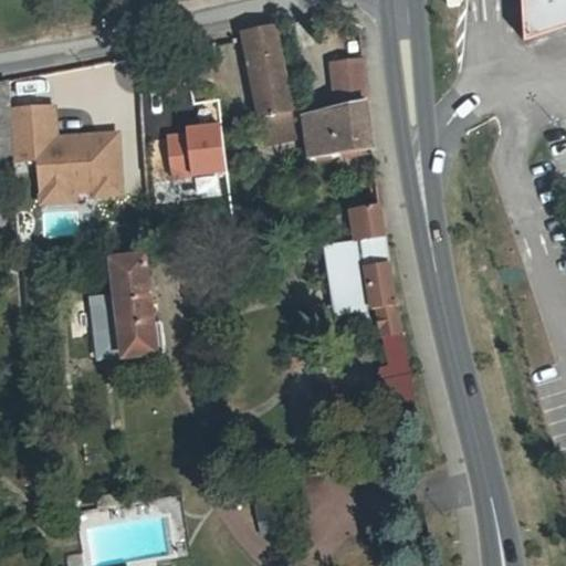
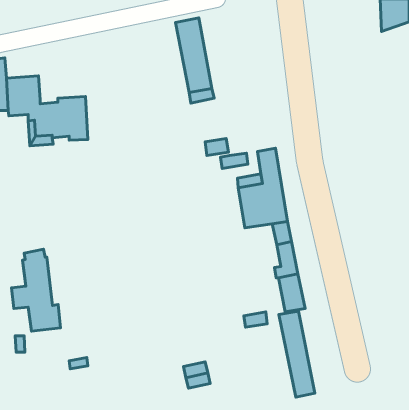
building: [301,59,371,157] -> none
building: [159,122,220,176] -> none
building: [95,244,163,357] -> [11,249,60,331]
building: none -> [279,311,315,397]

